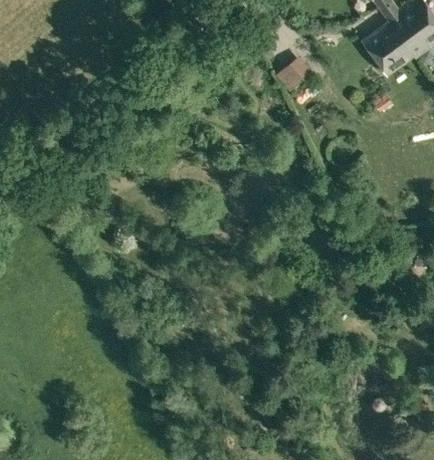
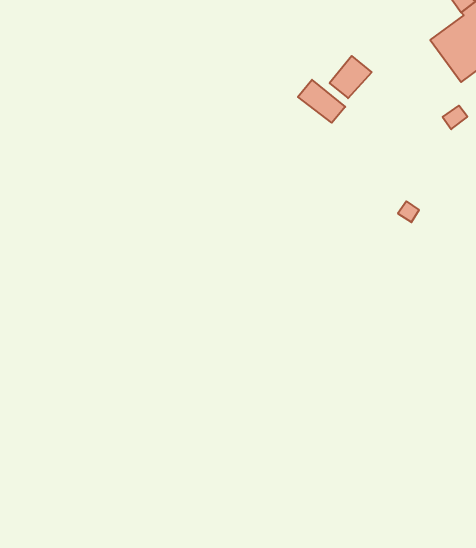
building: none -> [298,80,345,123]

